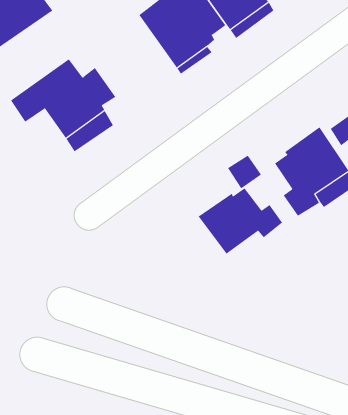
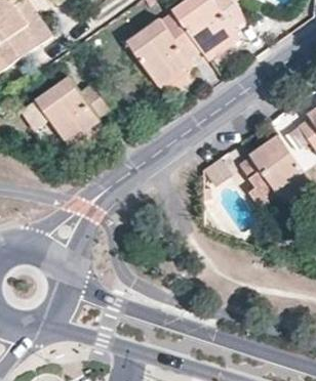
building: [198,187,283,255] -> none

